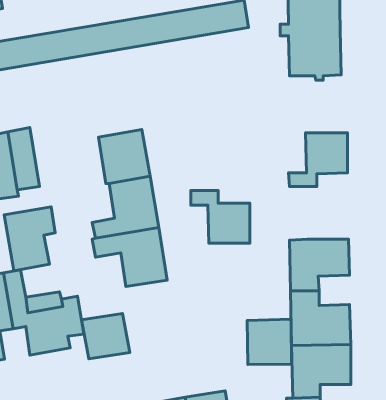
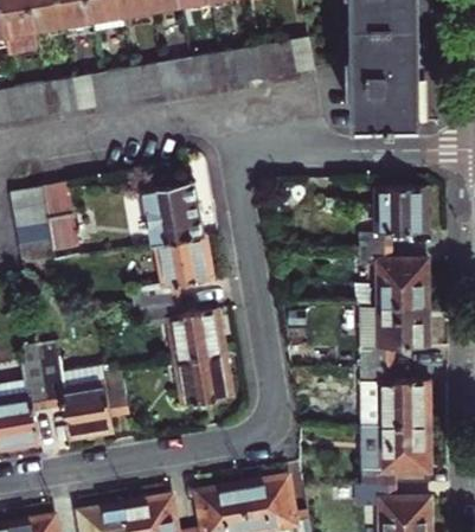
building: [191,190,250,243] -> [359,245,425,305]
building: [4,207,55,271] -> none
building: [81,313,130,359] -> [175,351,230,402]
building: [247,319,292,365] -> none

